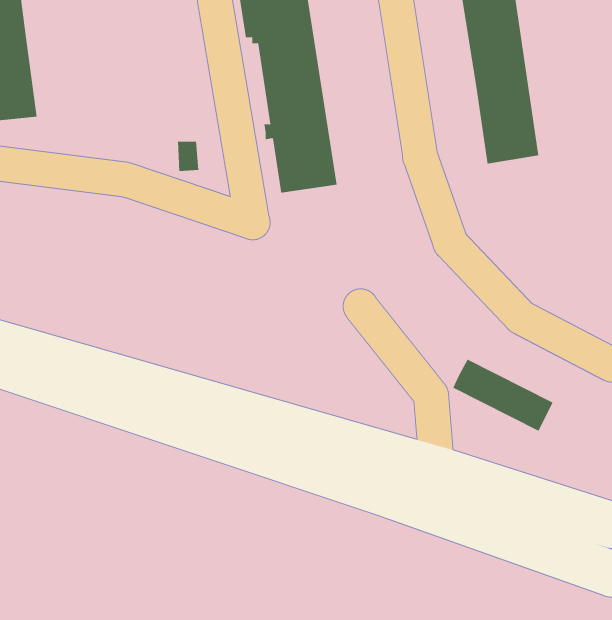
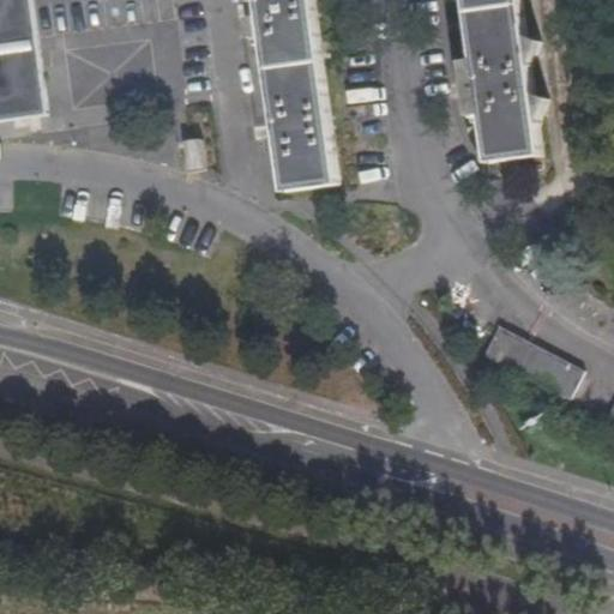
building: [453,359,553,432] -> [480,324,579,396]

